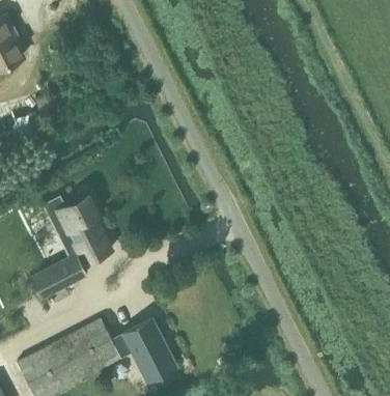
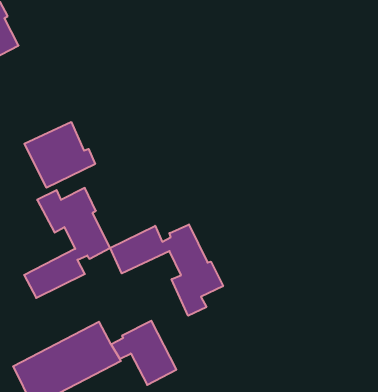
building: none -> [24,122,95,188]
building: none -> [110,224,223,316]

